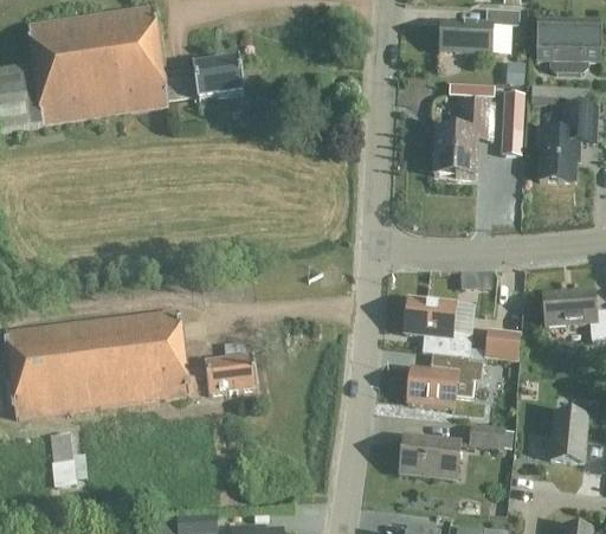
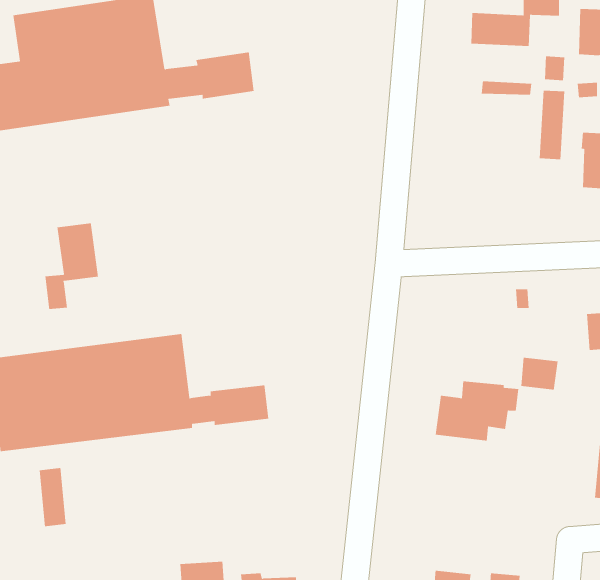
building: [433,99,492,175] -> none
building: none -> [45,222,98,310]
building: [404,297,471,356] -> none
building: [468,424,512,449] -> none
building: [399,435,459,478] -> none

